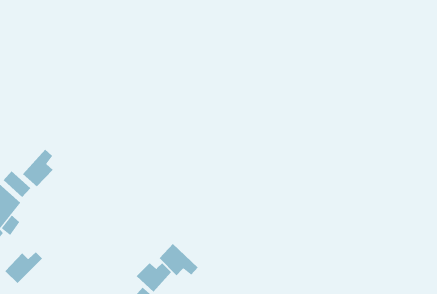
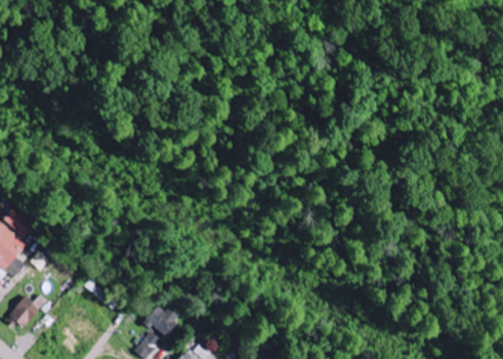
building: [22,149,54,187] -> none
building: [159,243,199,276] -> none

